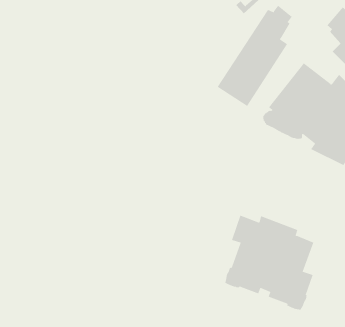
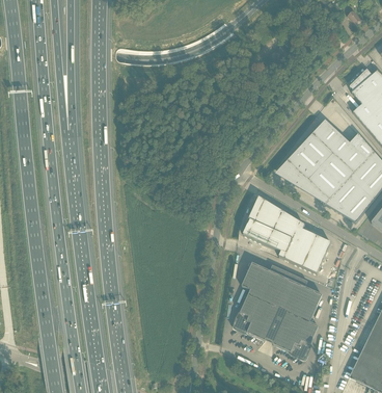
building: [217,5,292,107] -> none
building: none -> [243,197,331,273]

